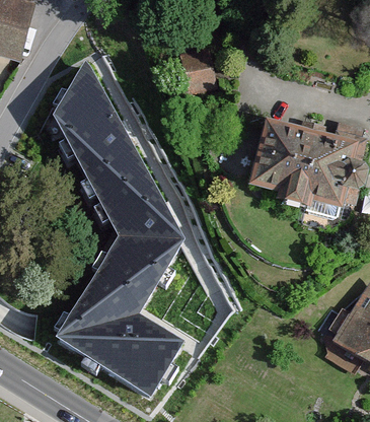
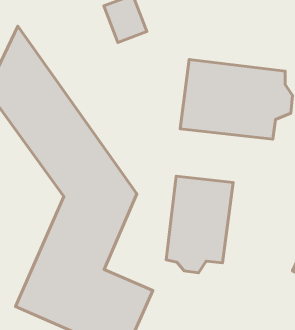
building: none -> [166,176,233,273]

